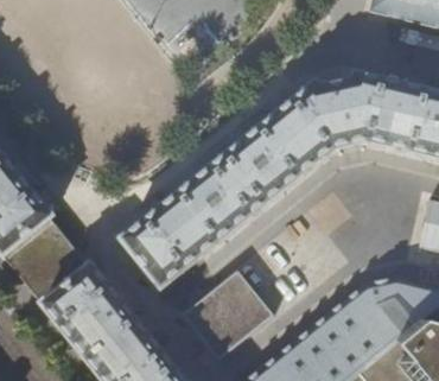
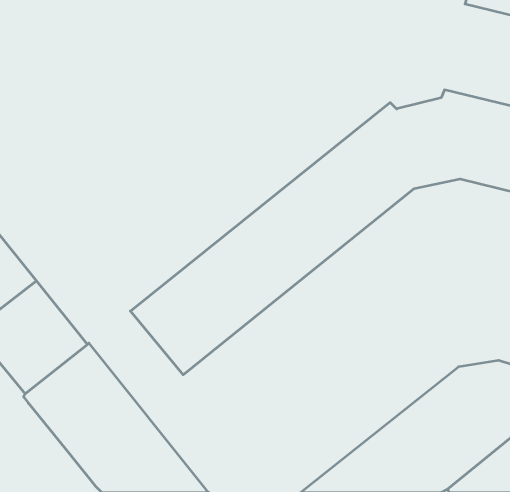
building: [184,269,275,360] -> none

